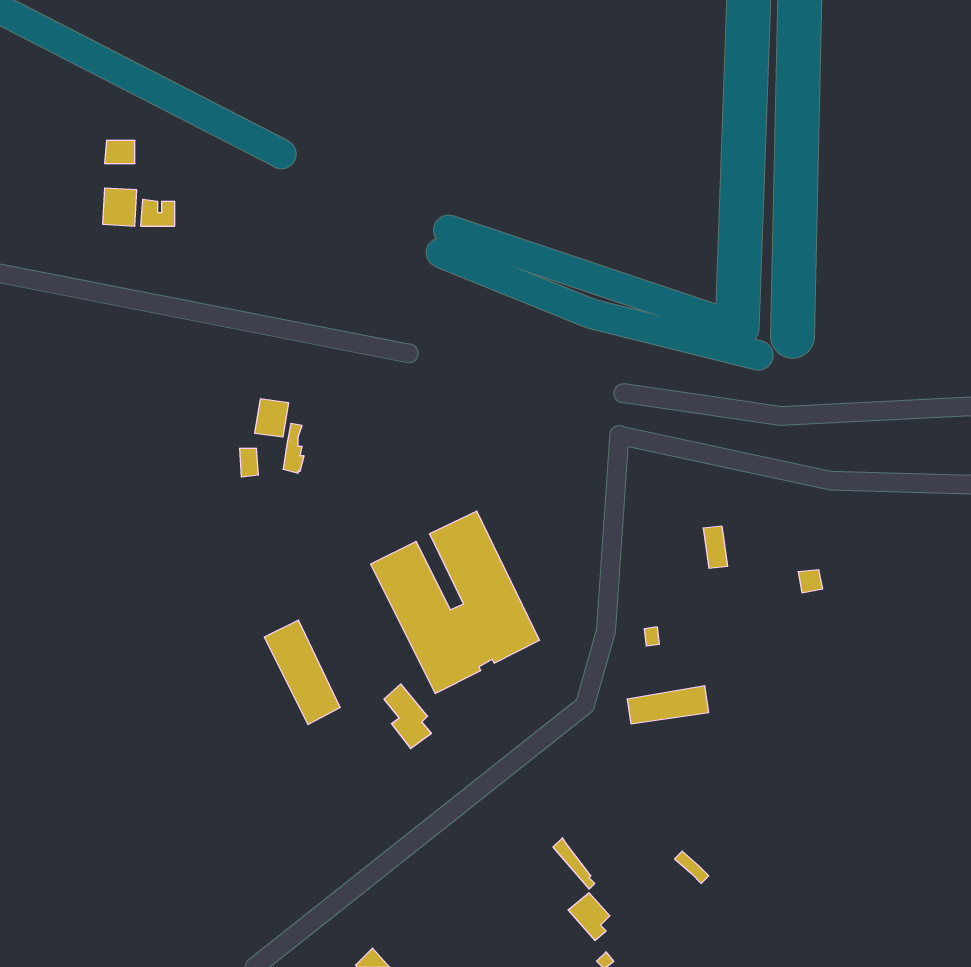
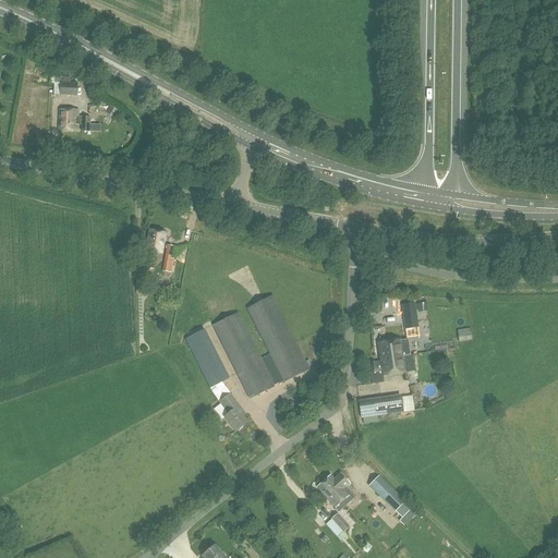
building: none -> [379,339,405,374]
building: [264,620,340,725] -> [185,327,229,387]
building: none -> [323,472,350,502]

